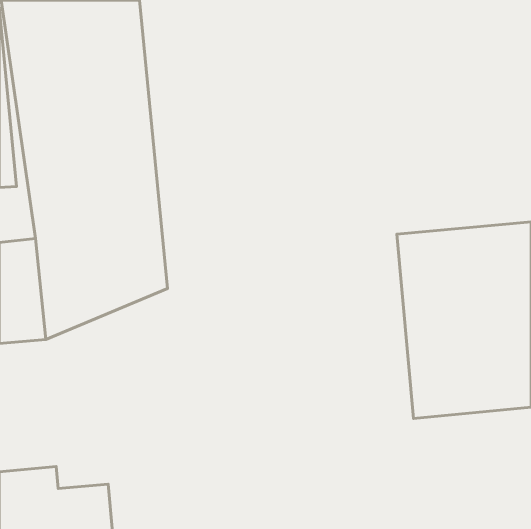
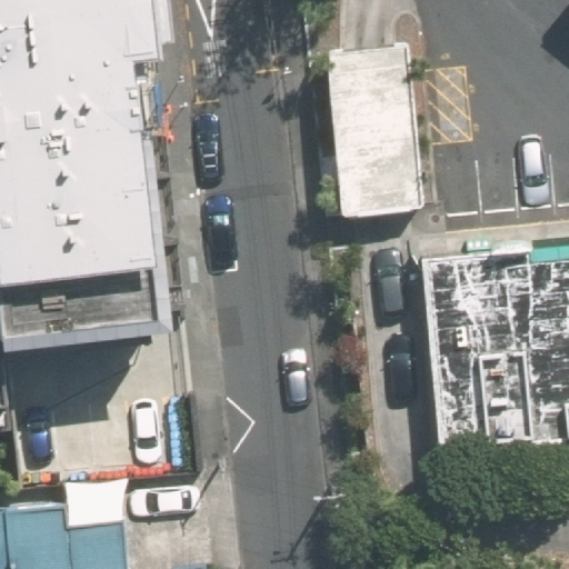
building: none -> [323,46,419,216]

